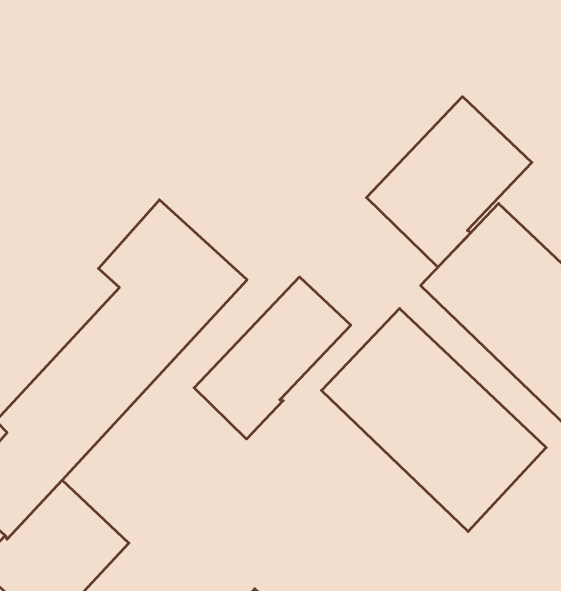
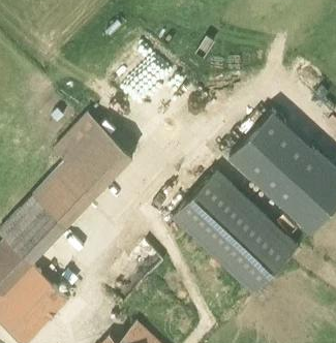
building: [366,97,532,267] -> none
building: [194,277,351,439] -> none

